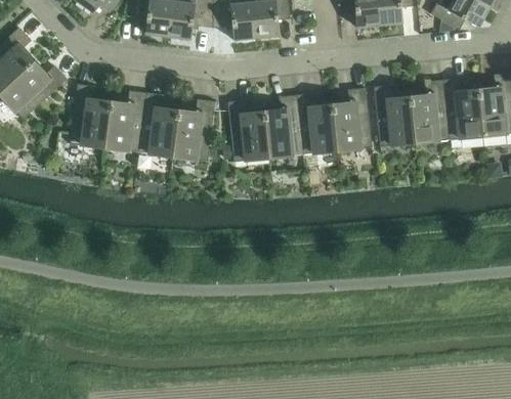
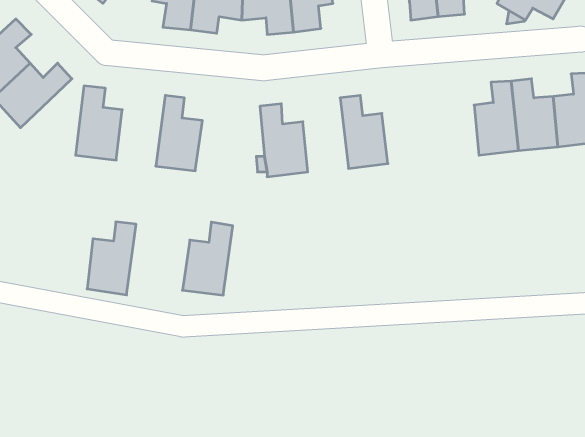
building: [374,84,415,145] -> none
building: [332,86,372,149] -> none
building: [104,89,146,151] -> [87,222,136,295]
building: [264,93,303,157] -> none
building: [172,97,215,160] -> [182,222,233,295]

